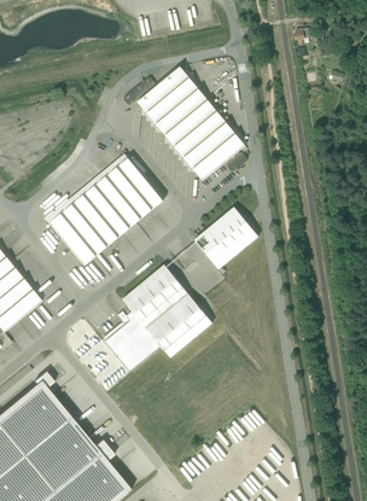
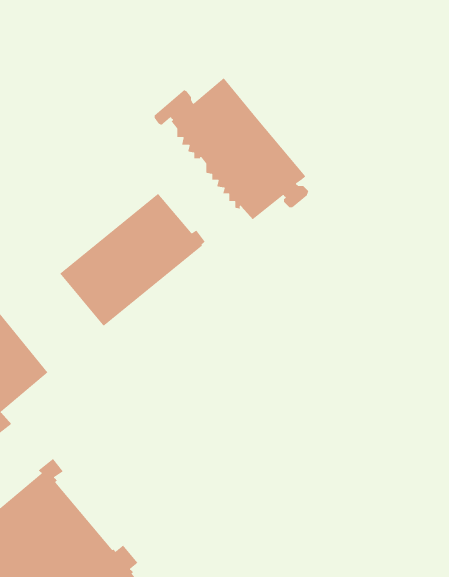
building: [194,206,258,268] -> none
building: [104,264,212,371] -> none

